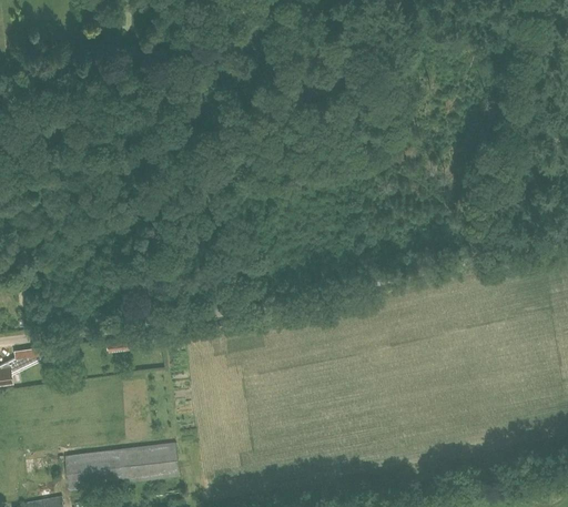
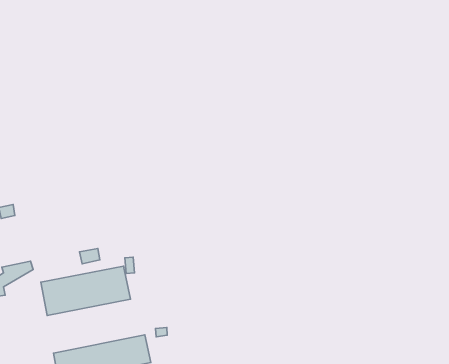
building: none -> [41,266,130,316]

